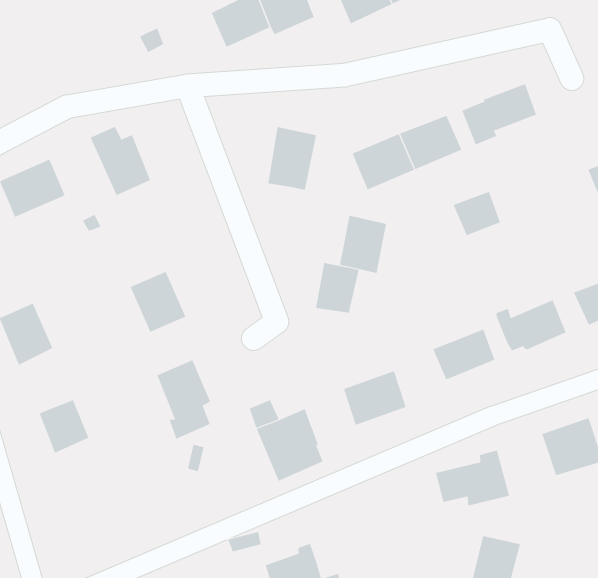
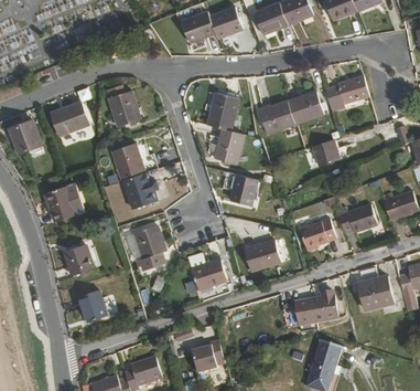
building: [339,215,387,273] -> [214,128,244,163]
building: none -> [111,144,144,180]
building: none -> [78,290,106,320]

